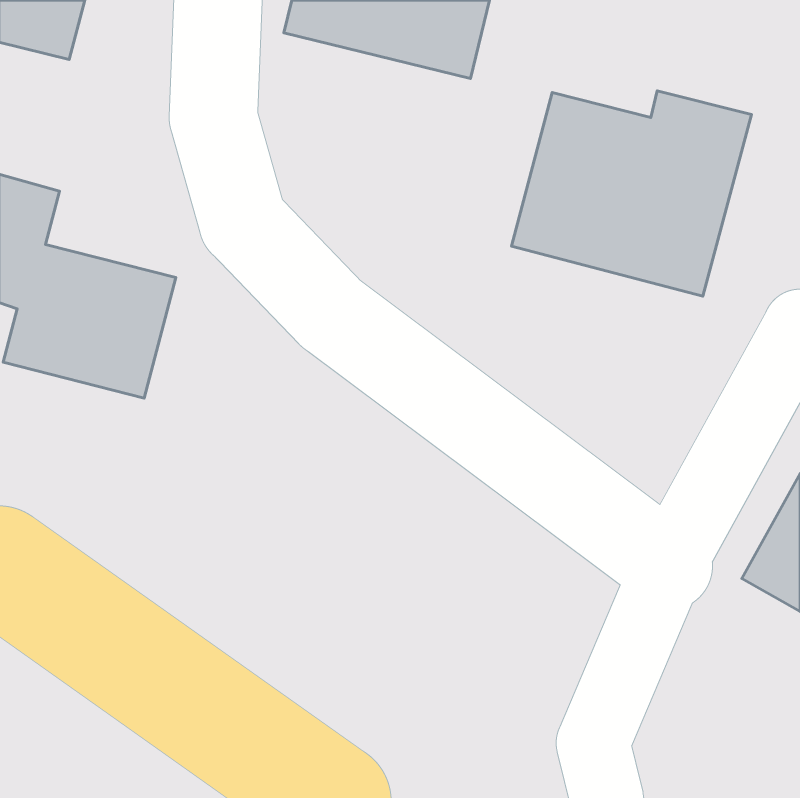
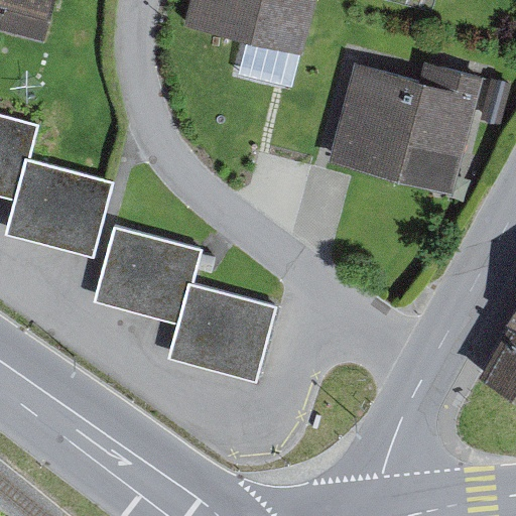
building: none -> [92,225,277,381]

